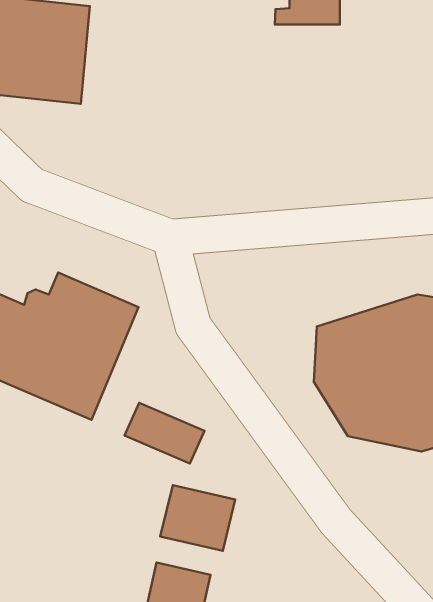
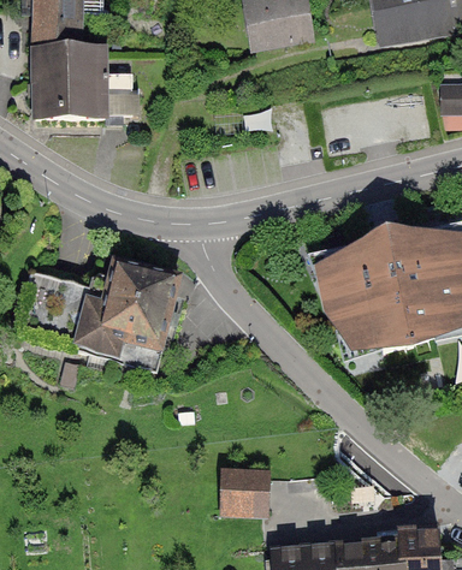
building: [124,403,204,463] -> none
building: [160,485,235,551] -> none

